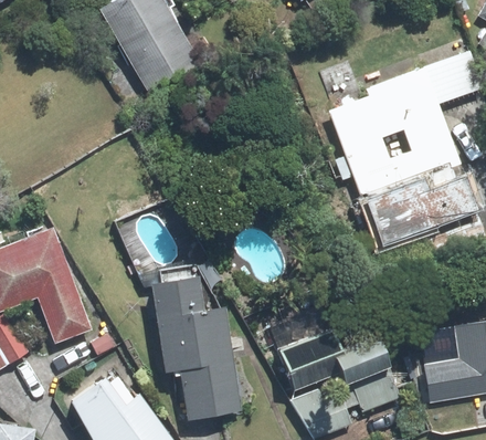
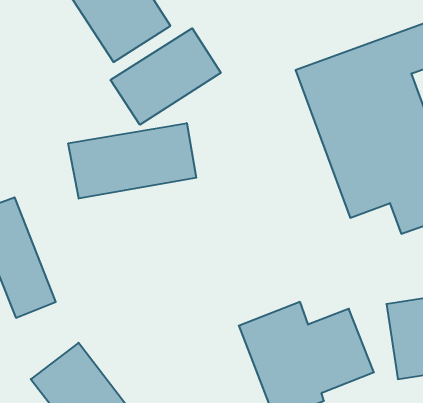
building: none -> [111,28,221,125]
building: none -> [68,123,196,199]
building: [146,261,243,420] -> none

